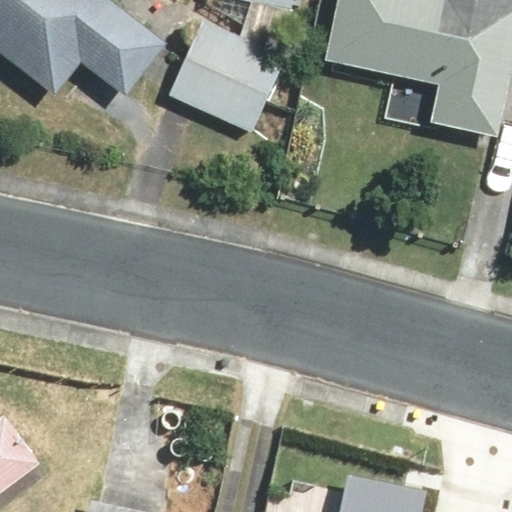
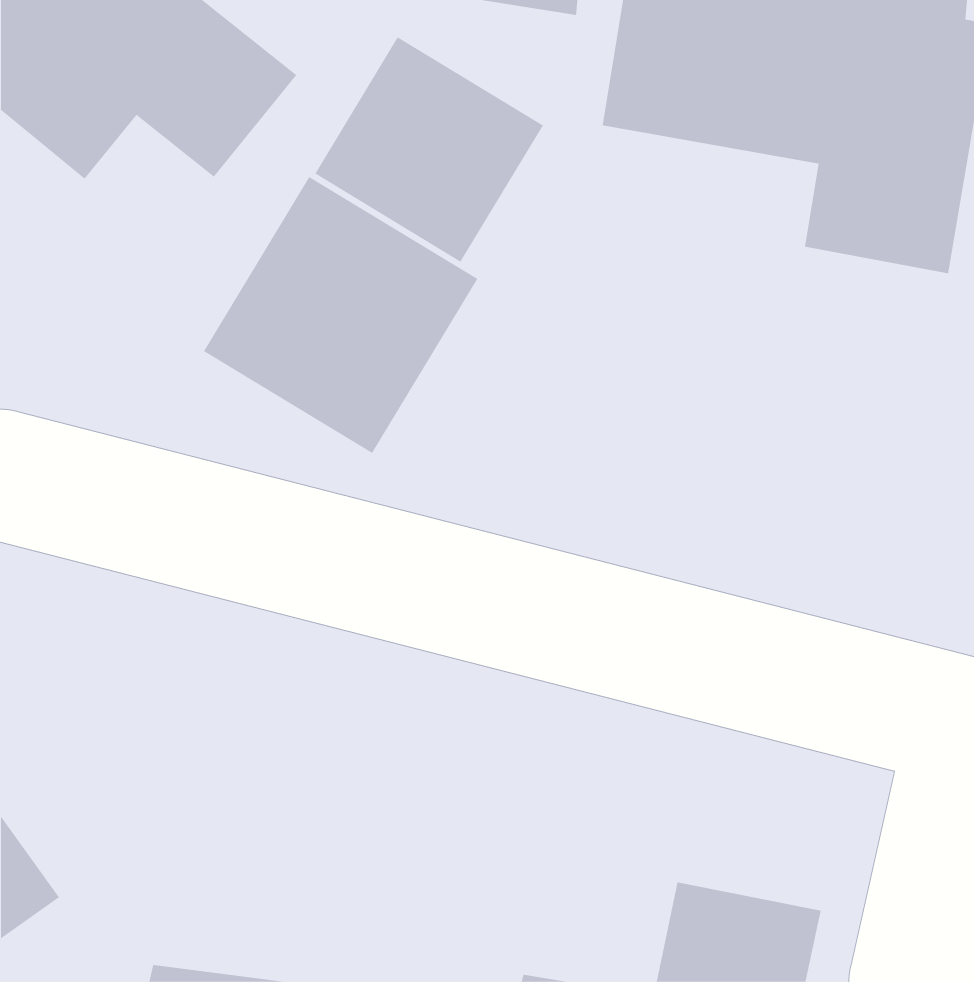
building: none -> [203,176,478,454]

